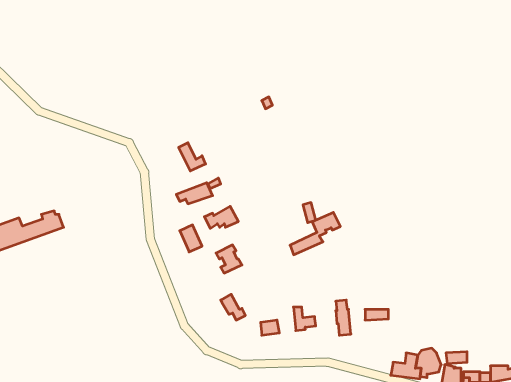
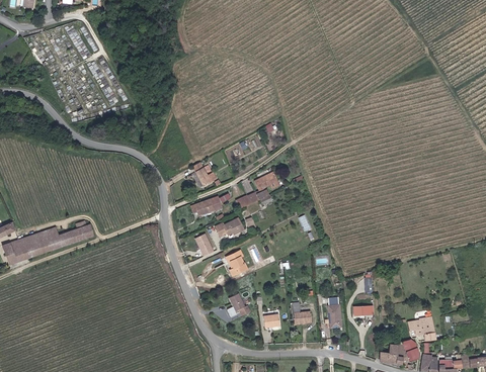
building: [290,212,340,255] -> [235,172,278,208]
building: none -> [407,316,434,341]

